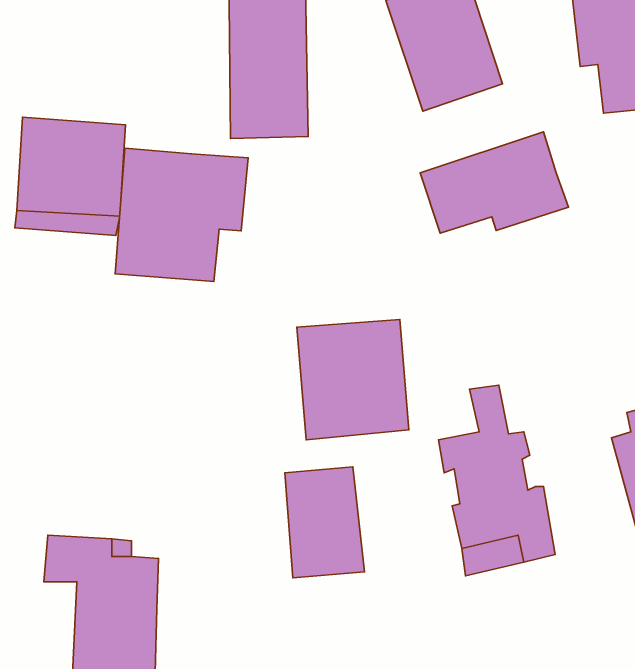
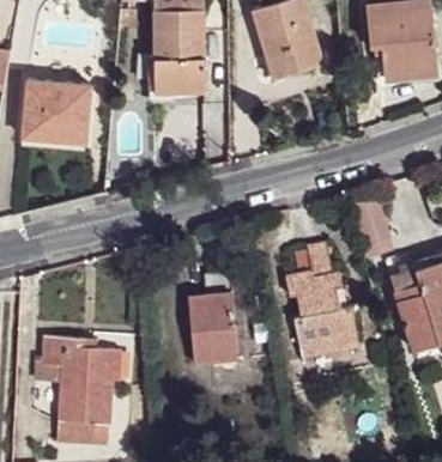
building: [420,132,568,233] -> none
building: [115,148,248,281] -> none
building: [297,319,409,440] -> none

